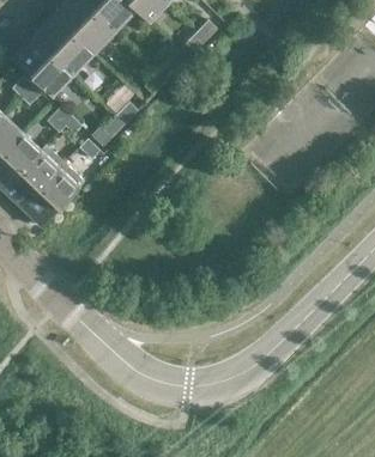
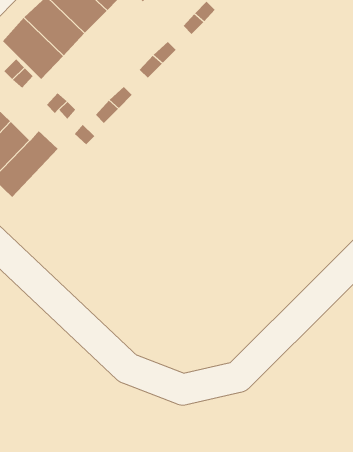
building: [23,162,86,226] -> none

